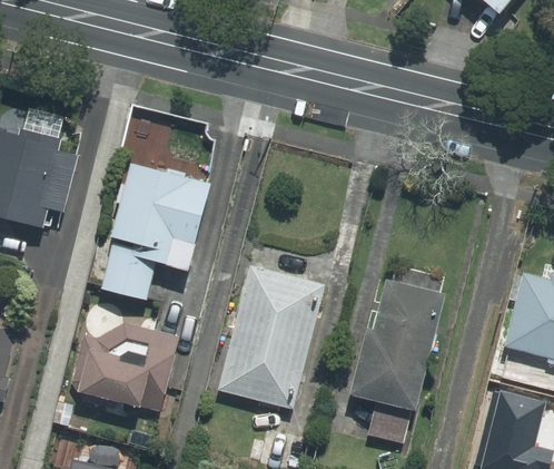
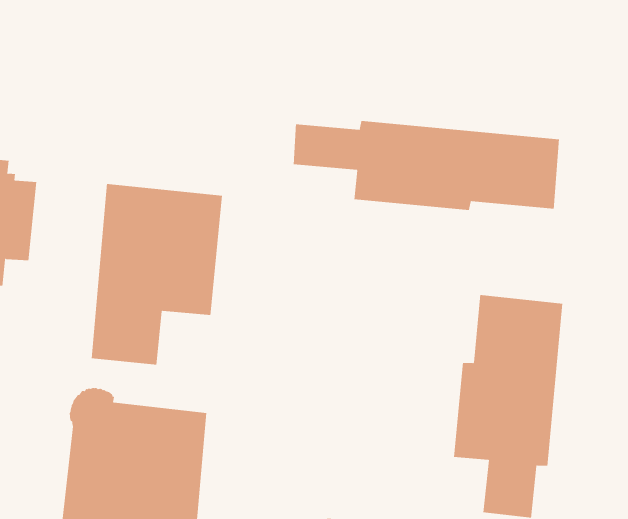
building: none -> [293,120,560,211]
building: [218,267,321,407] -> none

